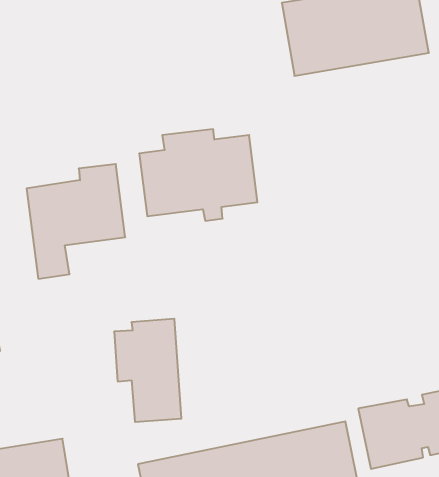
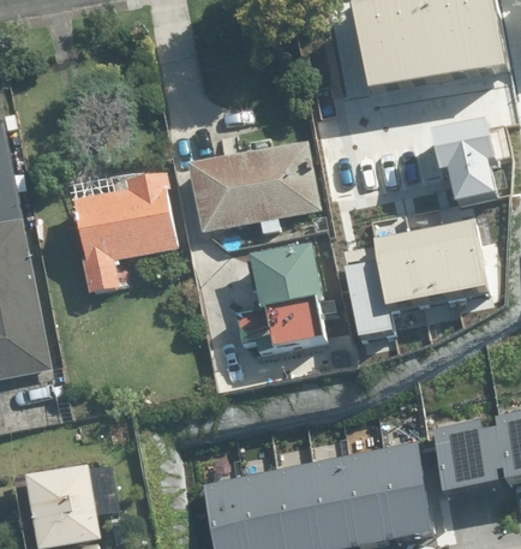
building: none -> [427,117,492,198]
building: none -> [335,220,481,339]
building: [114,319,181,422] -> [263,240,333,347]

